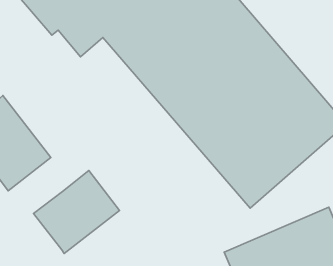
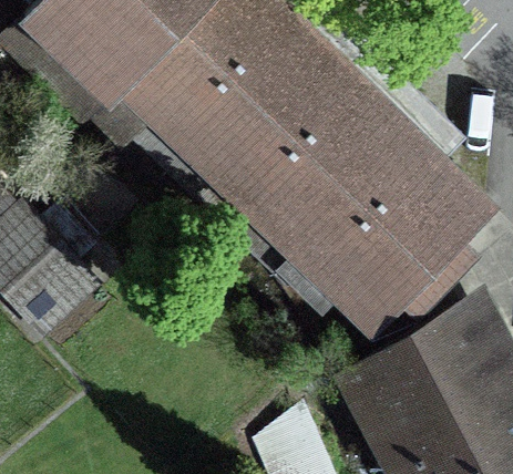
building: [34,171,120,253] -> none

